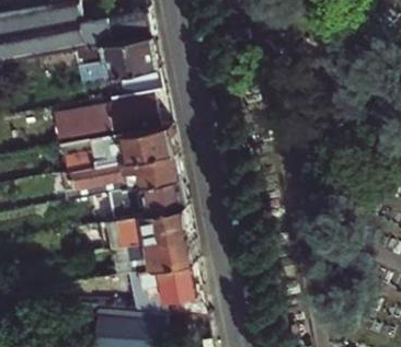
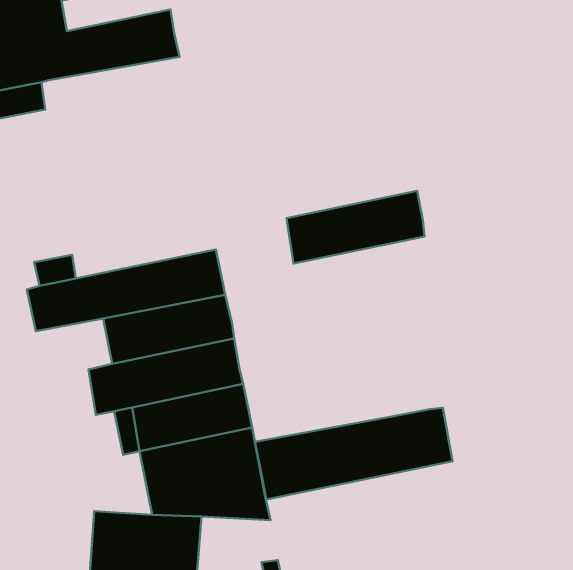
building: [69,35,158,96] -> none
building: [51,96,154,141] -> none
building: [87,124,170,167] -> [286,191,425,264]
building: none -> [255,408,453,499]

